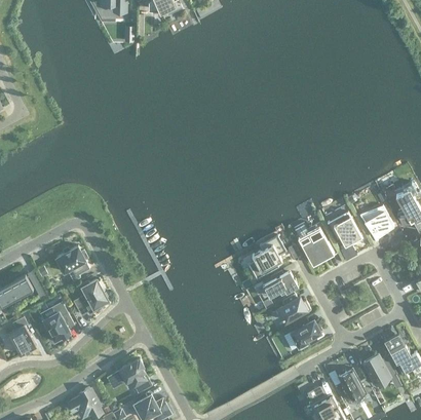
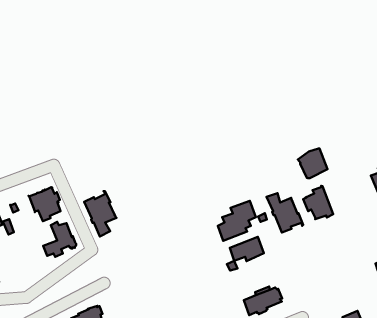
building: [361,206,392,237] -> [298,149,327,178]
building: none -> [84,191,116,237]
building: [277,294,309,321] -> none
building: [43,312,73,343] -> none

